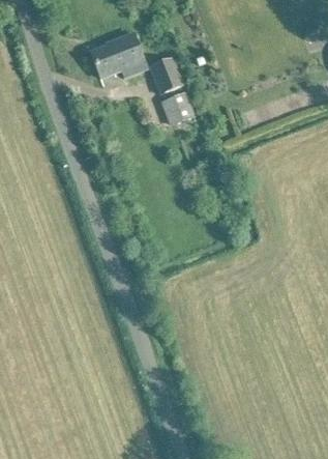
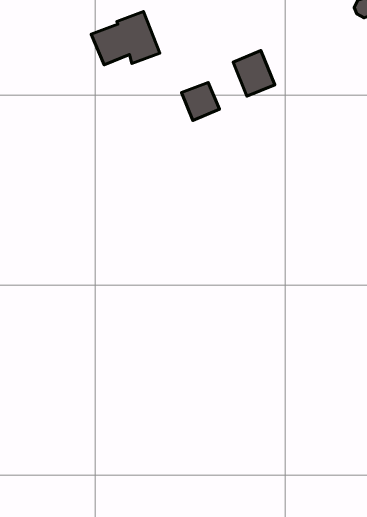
building: [149,57,183,94] -> [233,51,275,96]

